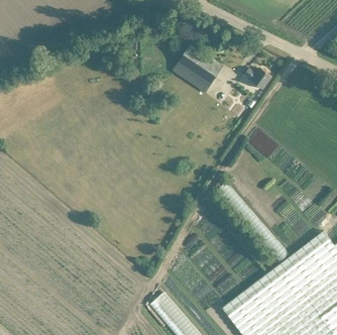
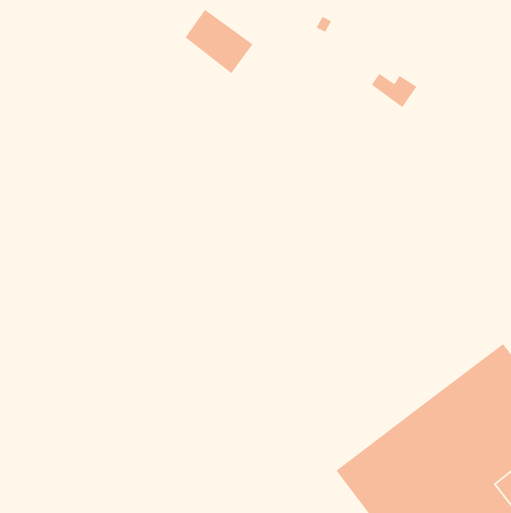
building: [176,47,217,87] -> [185,9,253,74]

